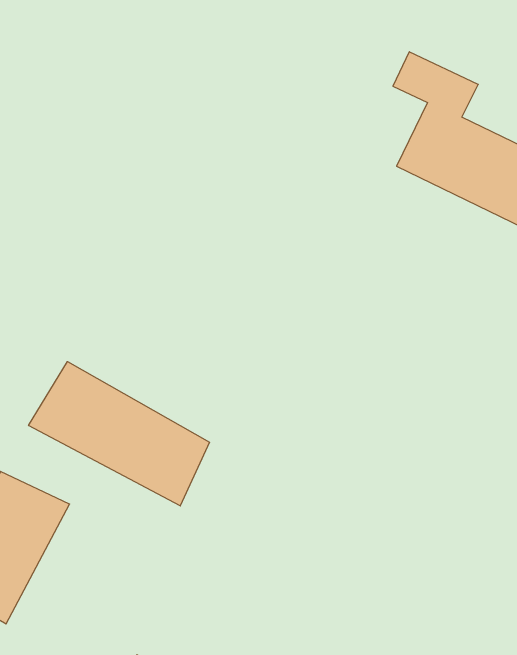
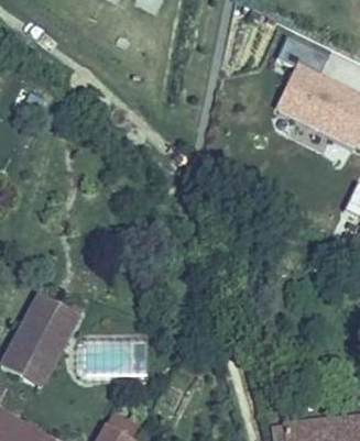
building: [29,362,210,506] -> none

